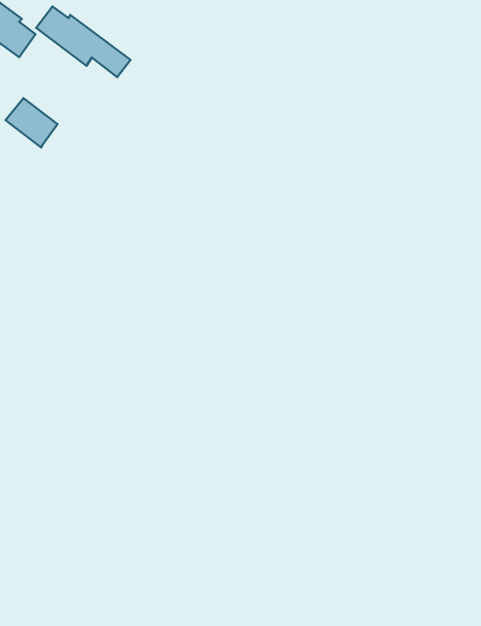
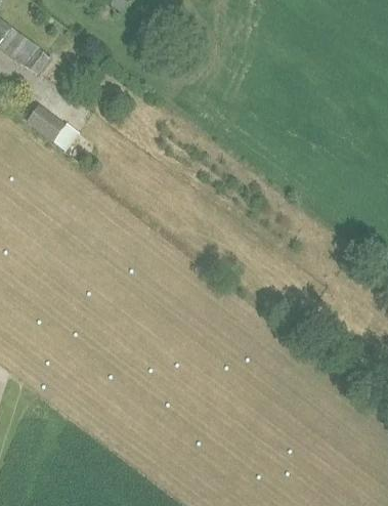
building: [36,7,131,77] -> none

